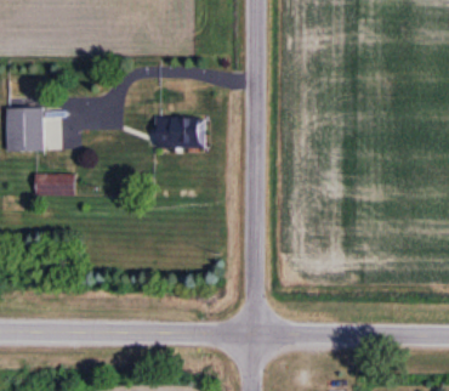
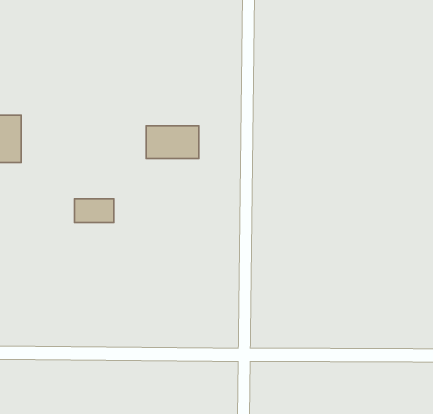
building: [36,174,73,195] -> [74,199,114,222]

